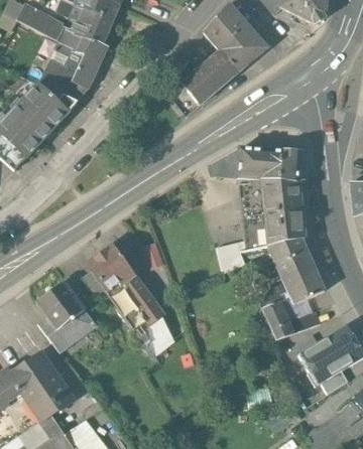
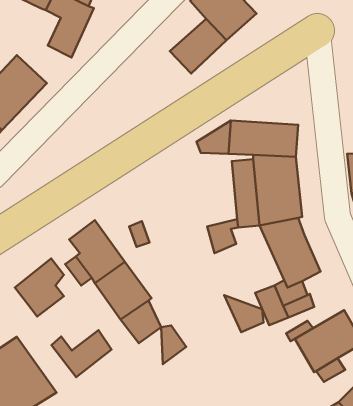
building: [41,40,89,98] -> none
building: none -> [224,295,264,332]
building: [37,311,94,355] -> [52,330,111,377]
building: none -> [161,326,186,364]

